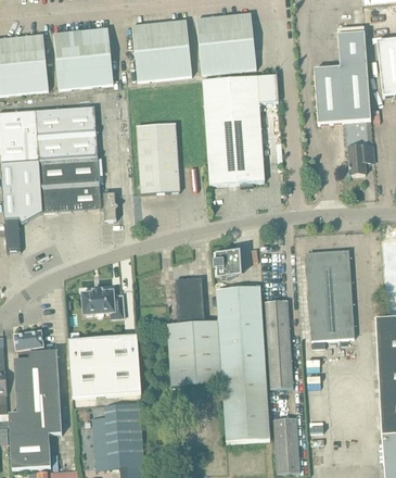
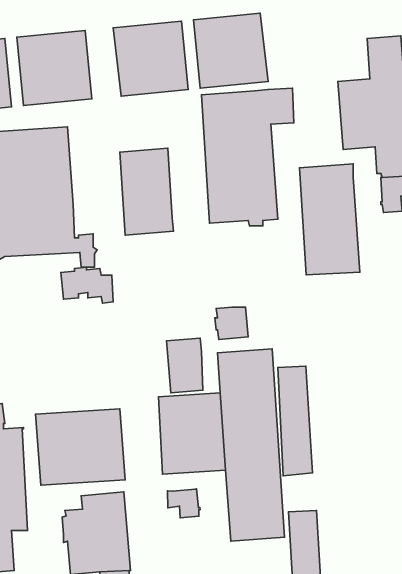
building: [306,249,355,339] -> [300,164,360,275]
building: [81,288,124,317] -> [61,267,113,303]
building: none -> [167,489,200,518]

